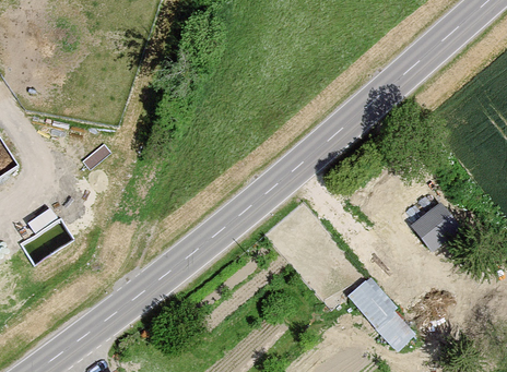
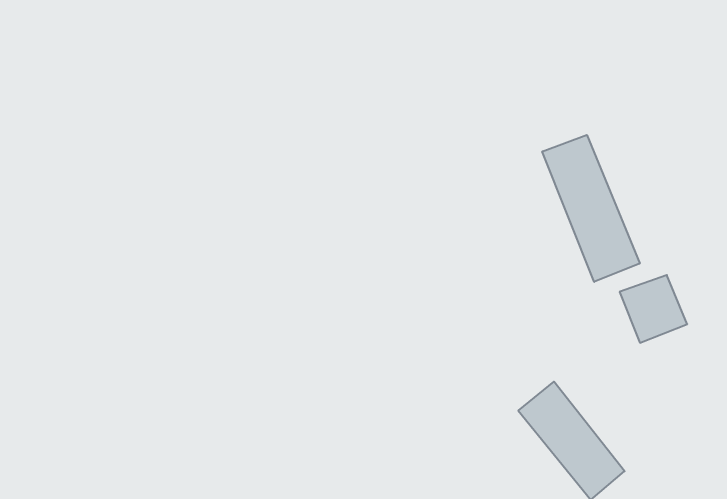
building: none -> [542,135,640,282]

